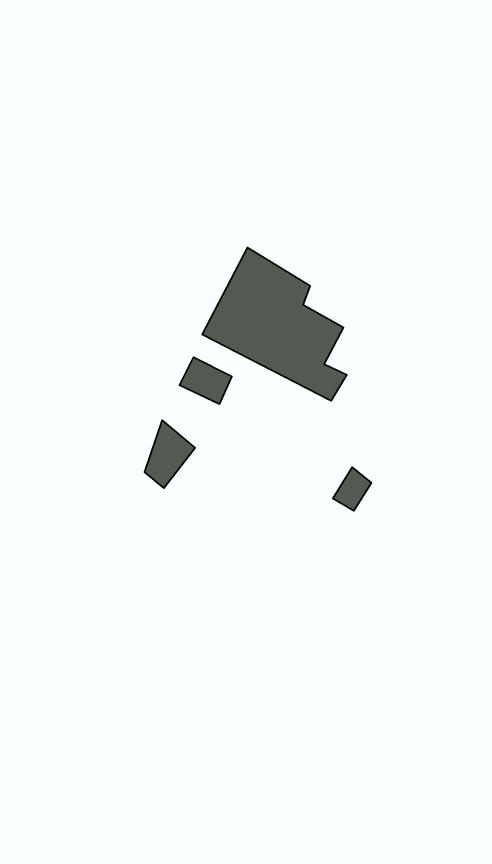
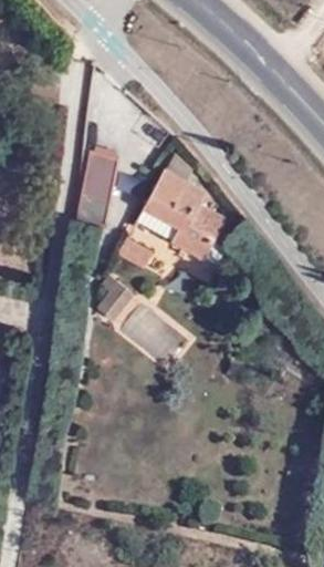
building: none -> [77,152,117,225]

